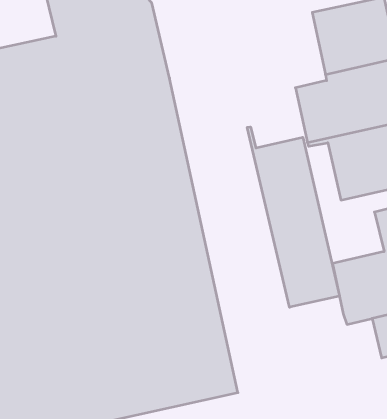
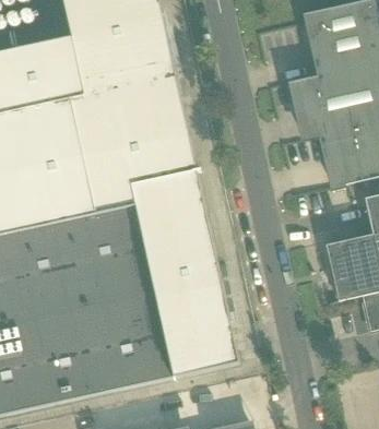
building: [247,127,340,307] -> none

